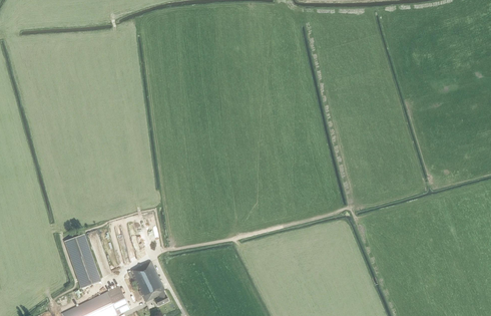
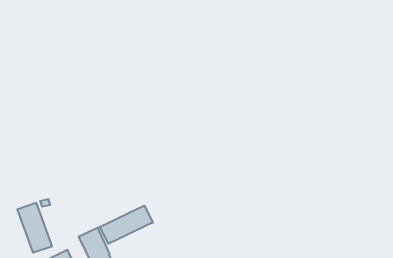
building: none -> [100,206,153,244]

